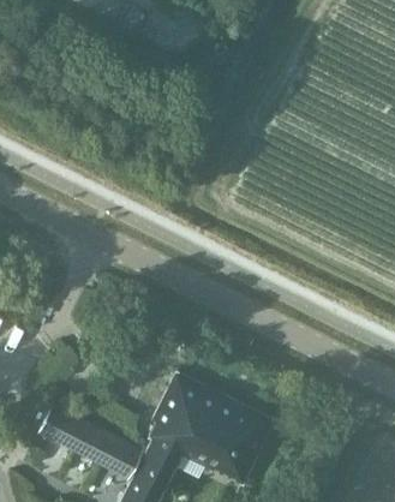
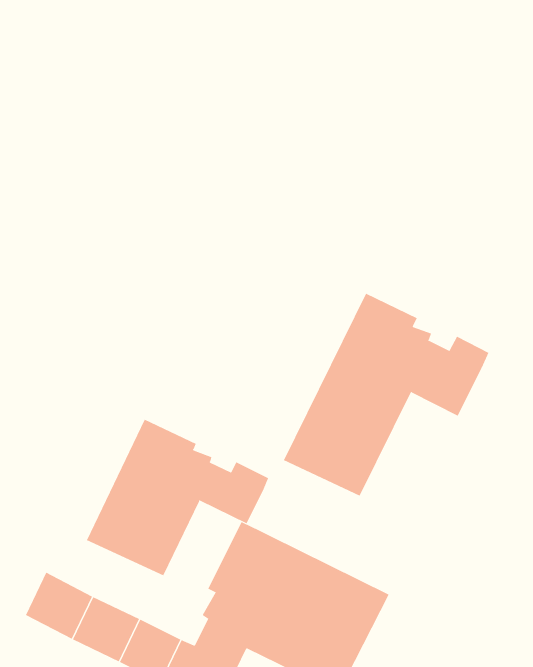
building: none -> [283,293,489,496]
building: none -> [86,419,269,576]

